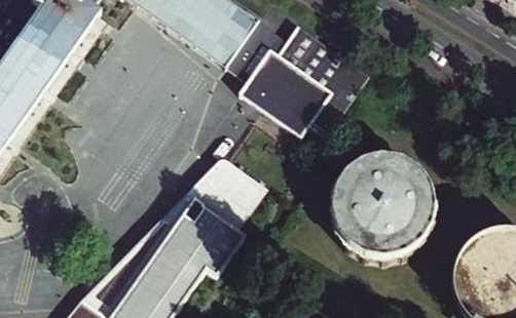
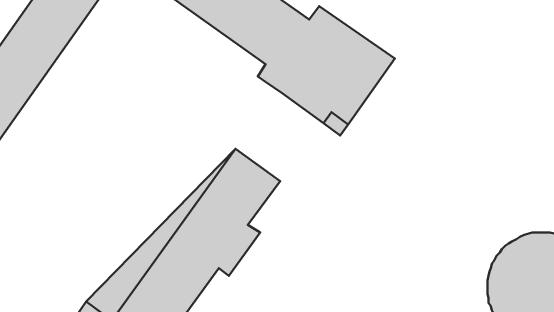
building: [332,156,435,259] -> none

